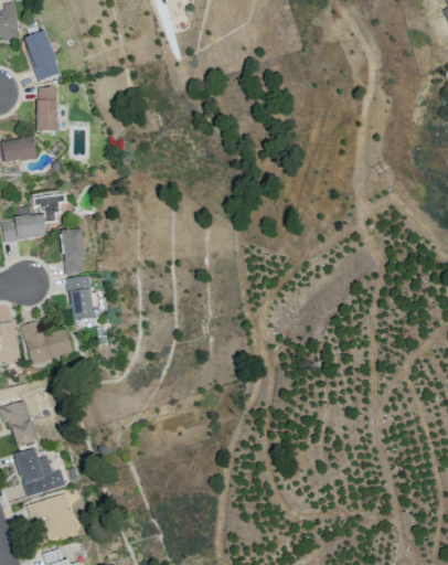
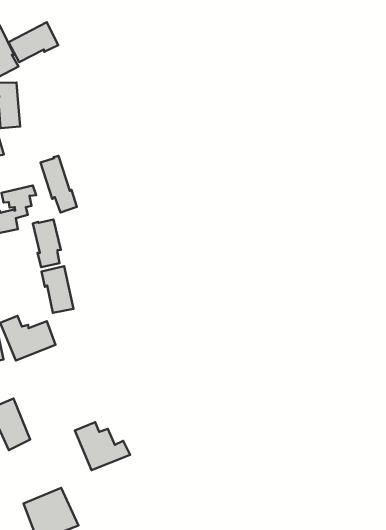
building: none -> [8,22,58,62]
building: none -> [40,156,77,213]
building: [14,450,67,498] -> [75,422,130,470]

